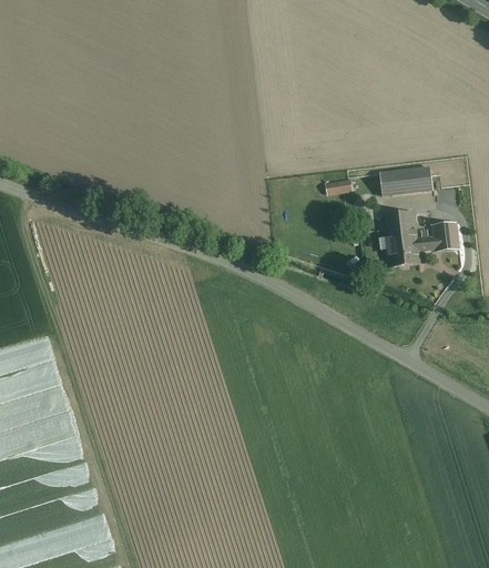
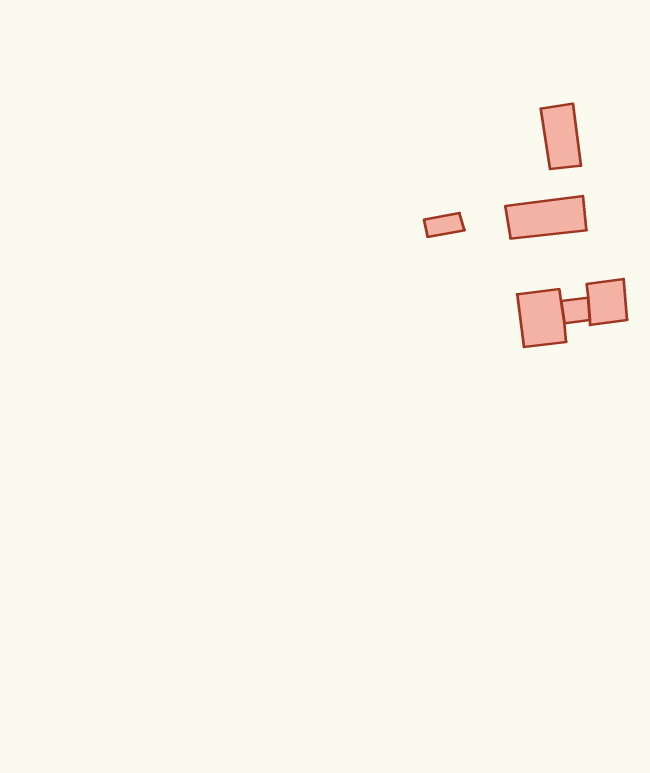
building: none -> [541,104,581,169]
building: [384,210,414,231] -> none

